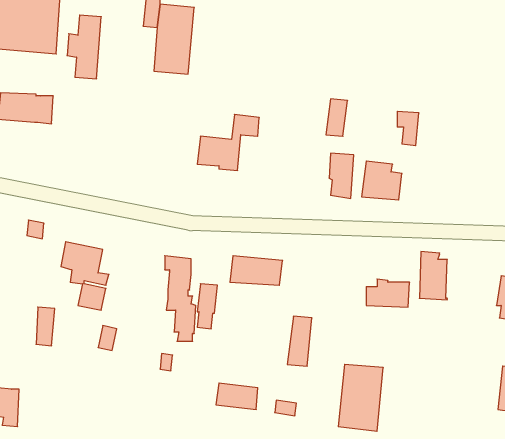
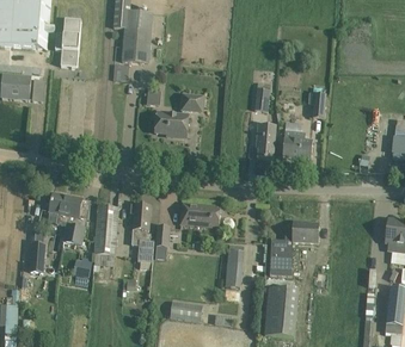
building: [419,252,447,300] -> [269,238,290,275]
building: none -> [93,205,117,254]

